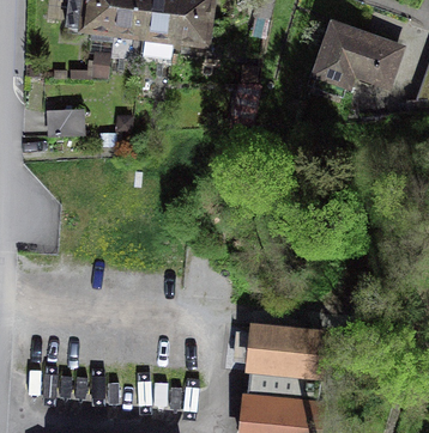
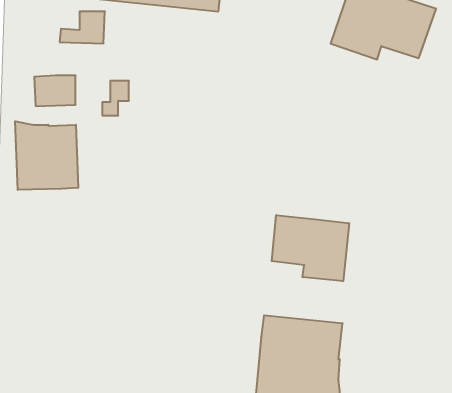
building: none -> [15,121,78,190]
building: none -> [272,215,349,281]

